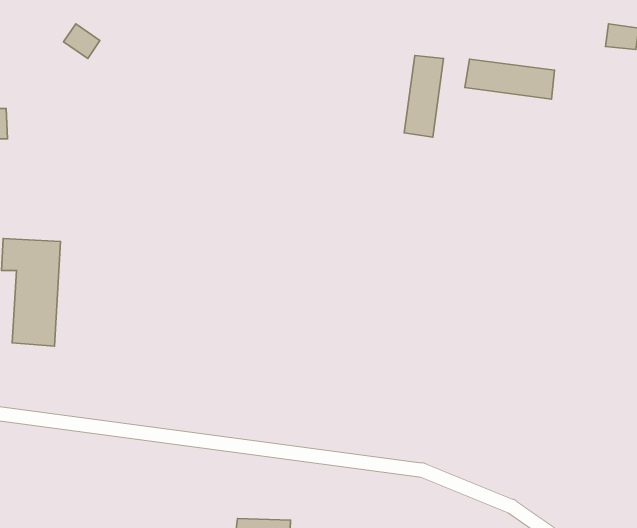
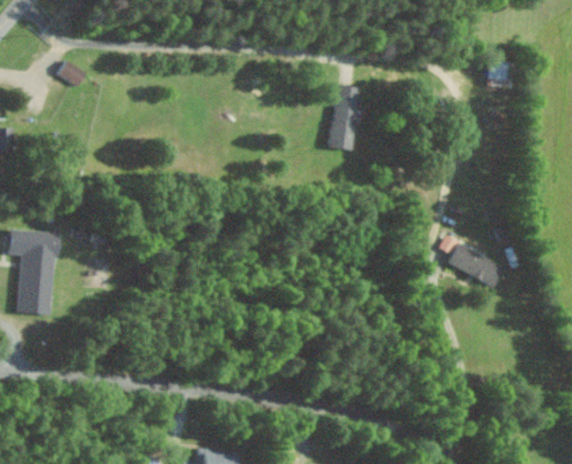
building: [465,59,555,99] -> none
building: none -> [448,246,504,287]

